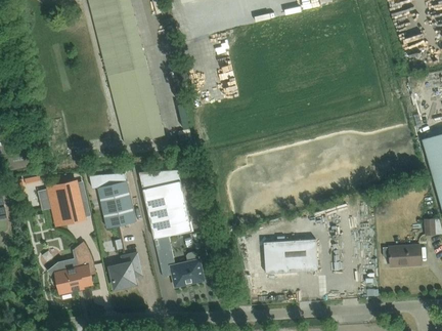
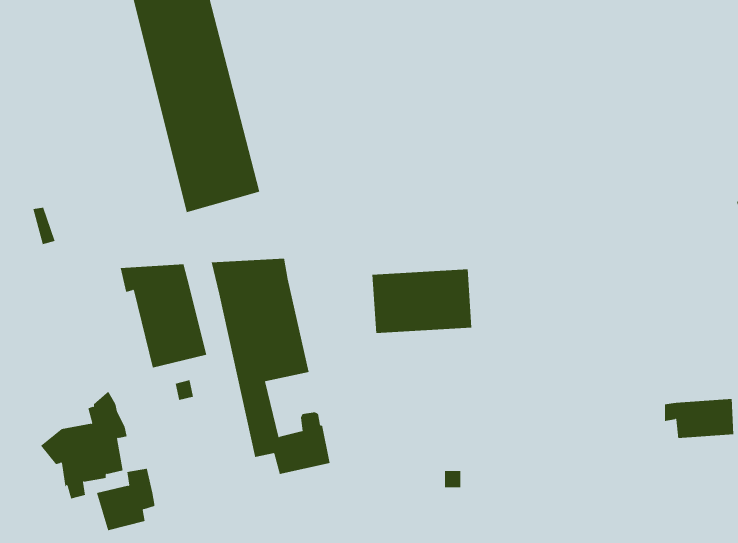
building: [38,179,86,226] -> none
building: [263,239,317,274] -> [372,269,472,333]
building: [108,254,140,288] -> [96,468,155,531]

